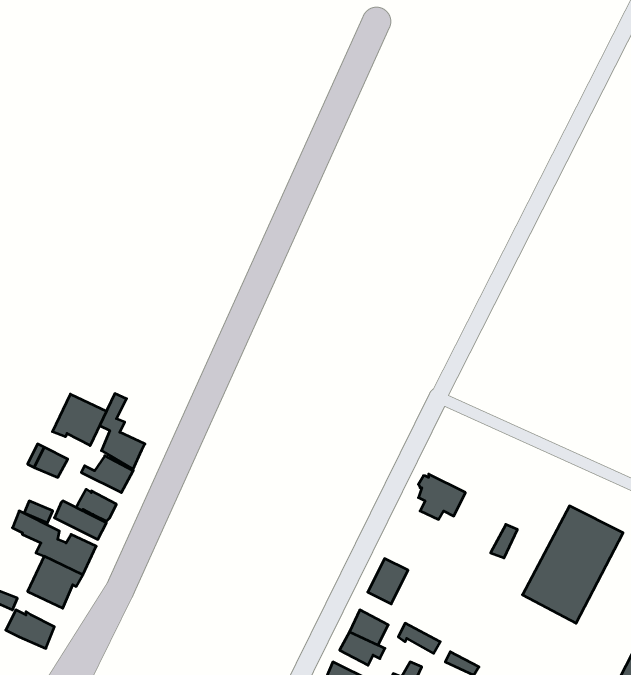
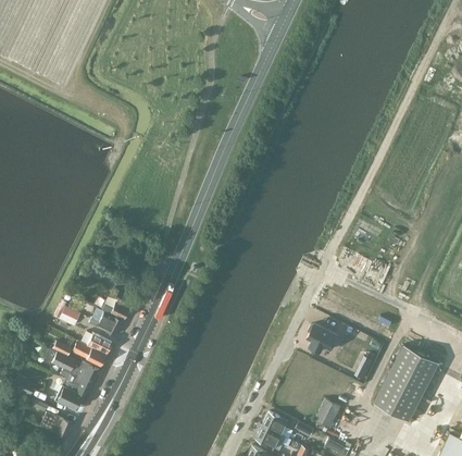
building: [52,394,106,446] -> none
building: [368,559,408,604] -> [315,399,341,429]

